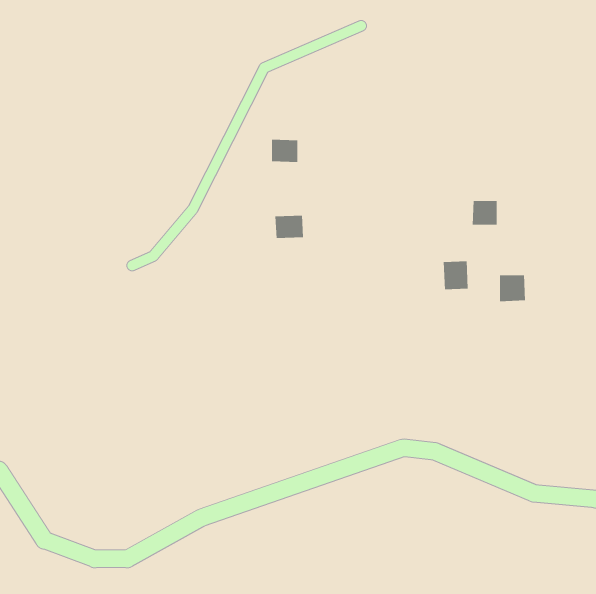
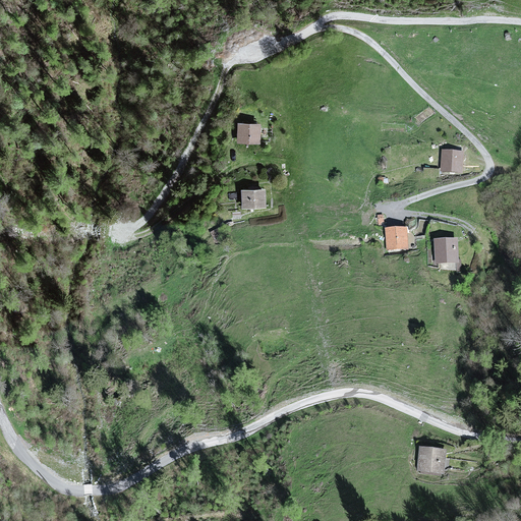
building: [472,200,497,225] -> [441,151,463,172]
building: none -> [416,443,449,472]

